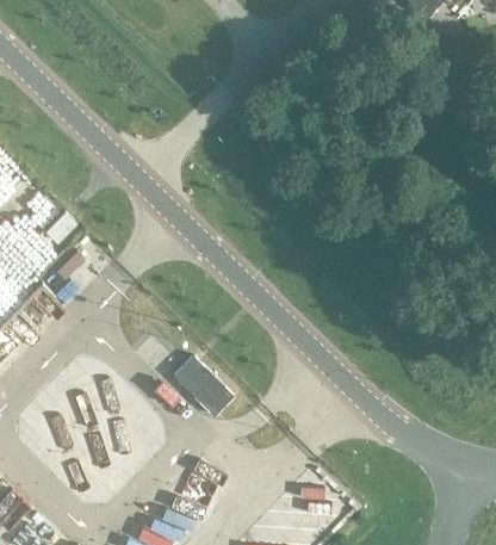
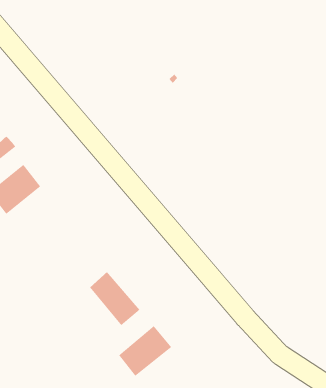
building: none -> [118,325,172,377]

